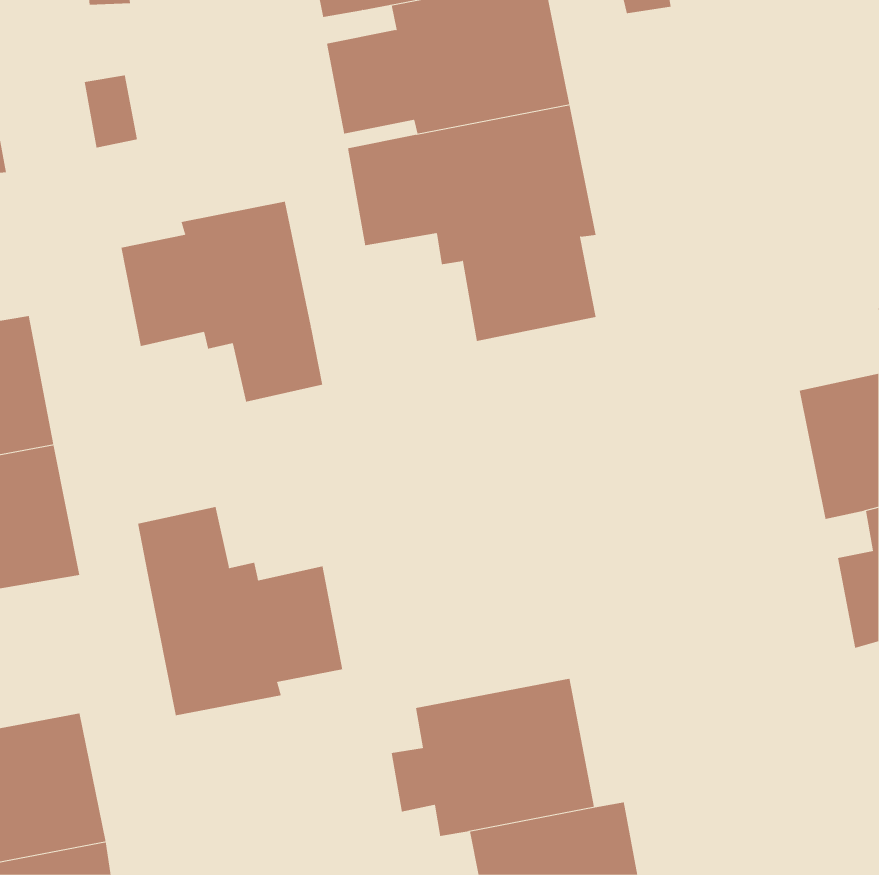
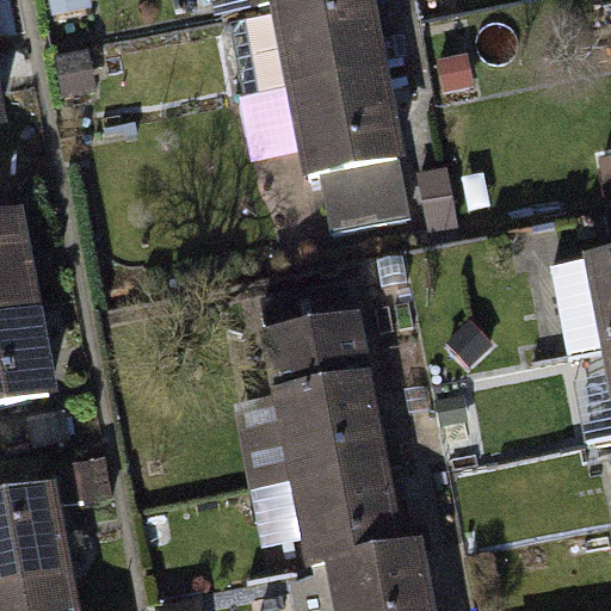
building: [121,201,323,402] -> none
building: none -> [240,320,390,490]
building: [137,506,343,716] -> none

